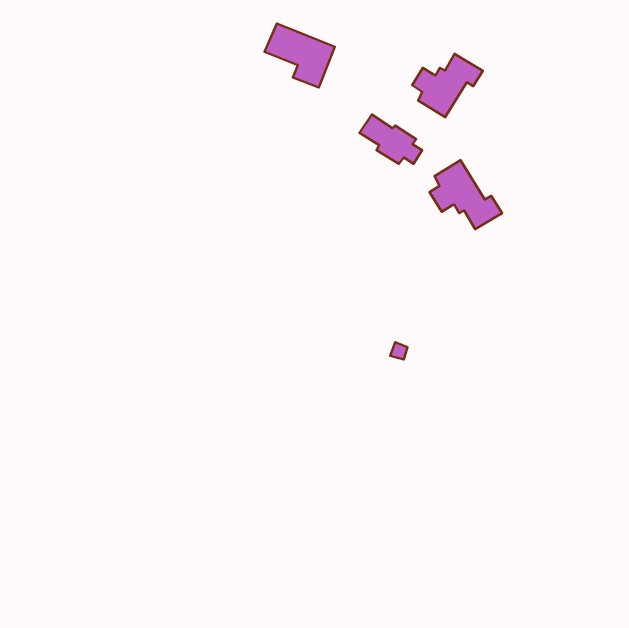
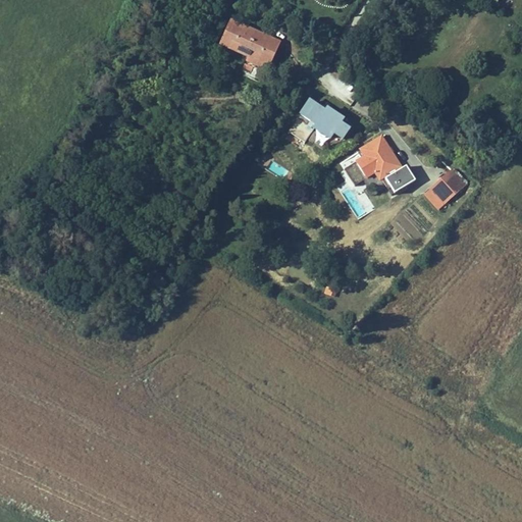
building: [412,54,483,117] -> none
building: none -> [423,169,466,211]

